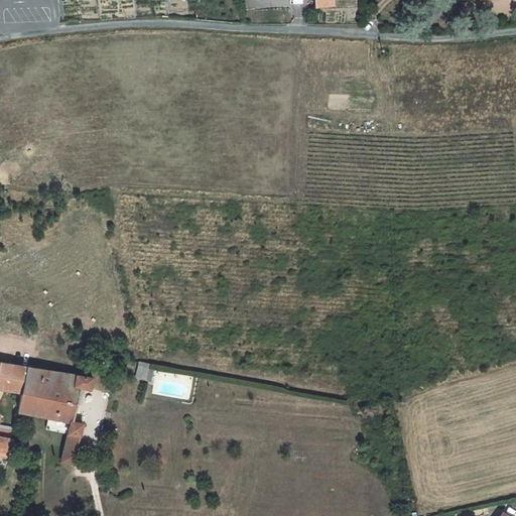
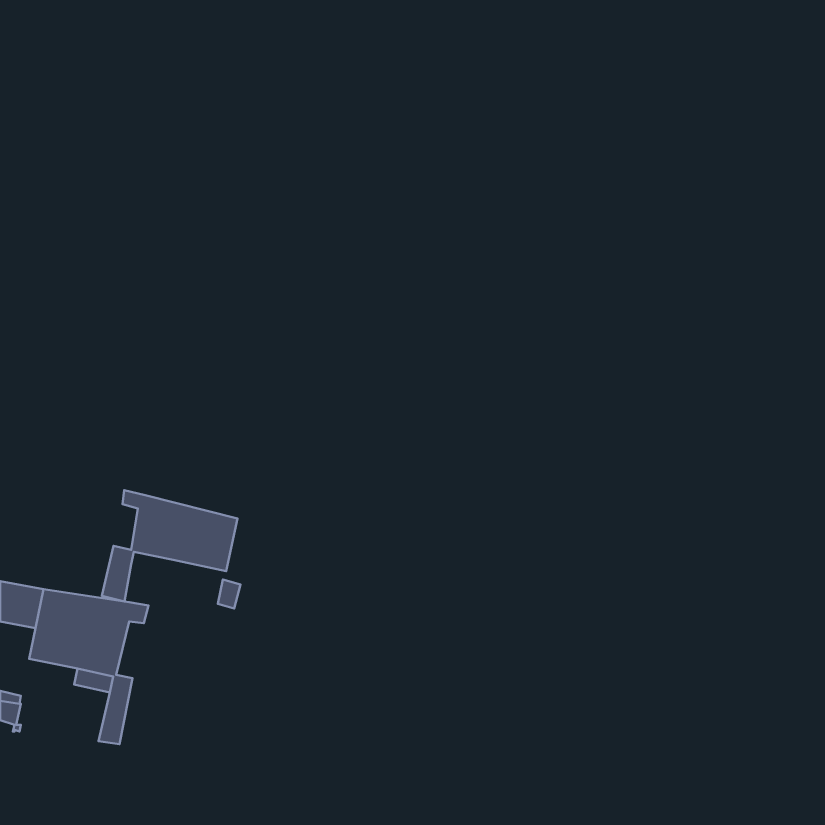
building: none -> [102,490,237,602]

